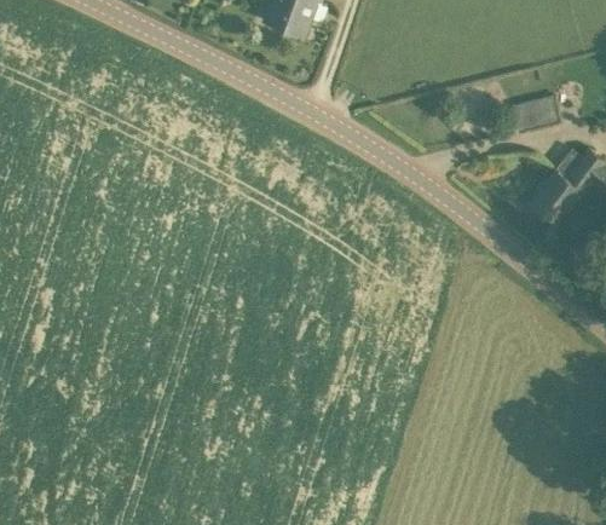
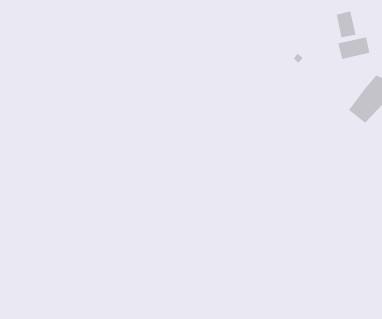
building: none -> [336,11,356,38]

